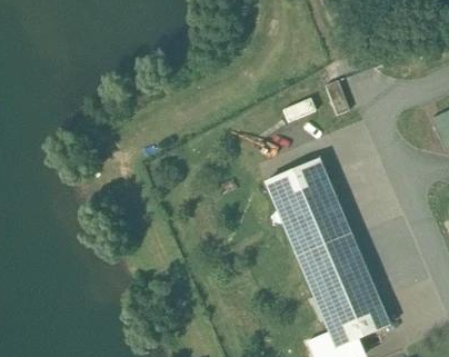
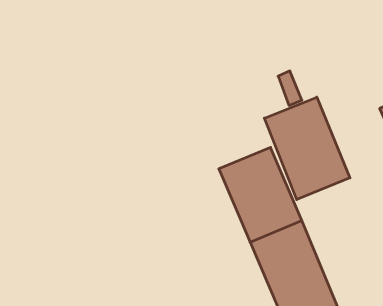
building: none -> [264,97,350,200]

